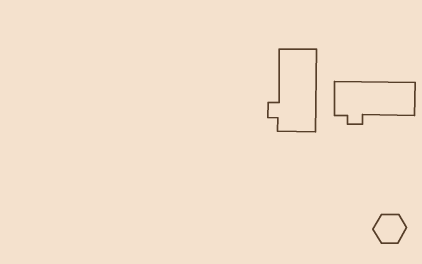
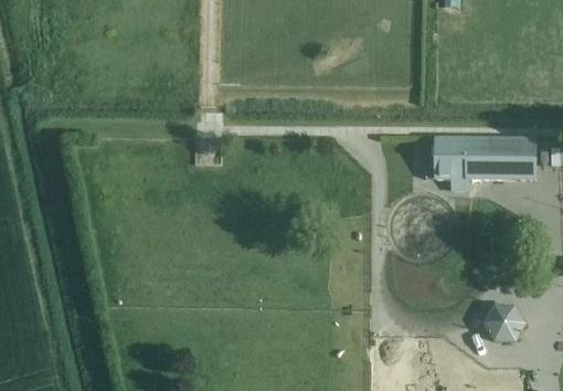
building: [268,49,316,132] -> none

